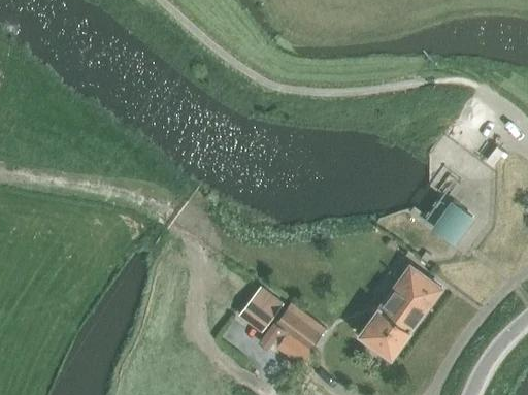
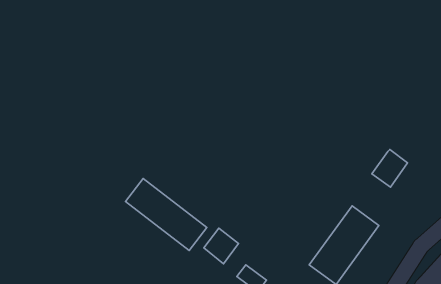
building: none -> [126,178,207,250]
building: [275,303,325,350] -> none

